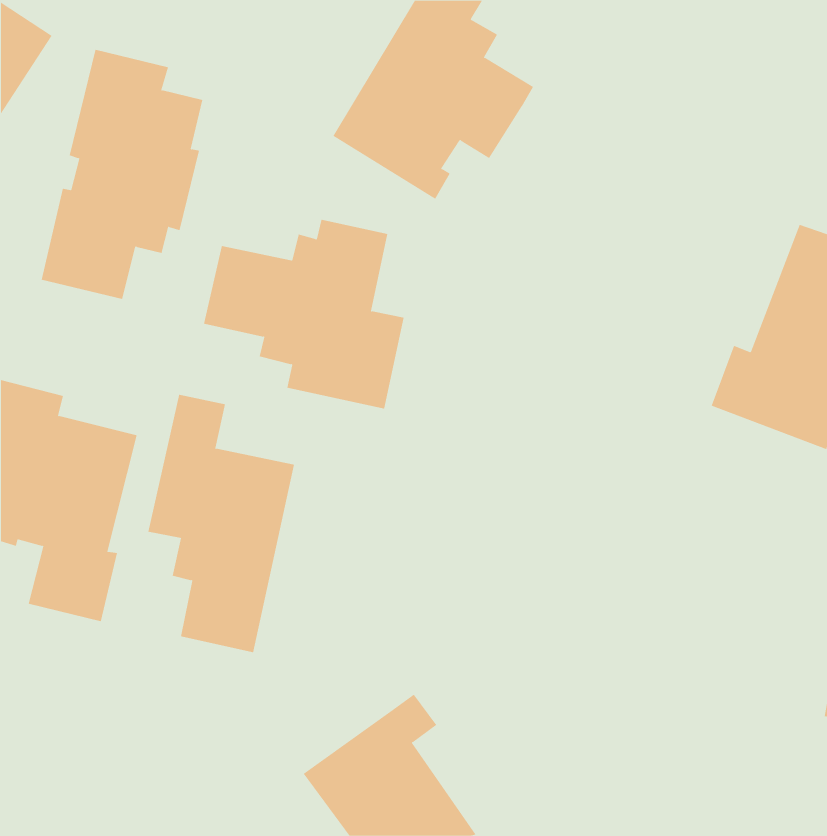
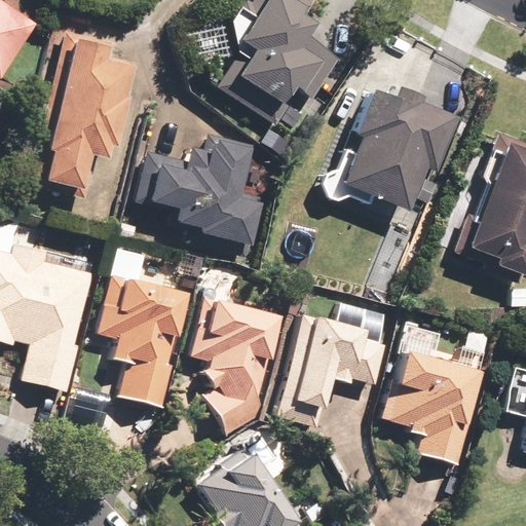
building: none -> [321,84,454,214]
building: none -> [192,293,283,434]
building: none -> [274,311,386,425]
building: none -> [382,351,483,463]

